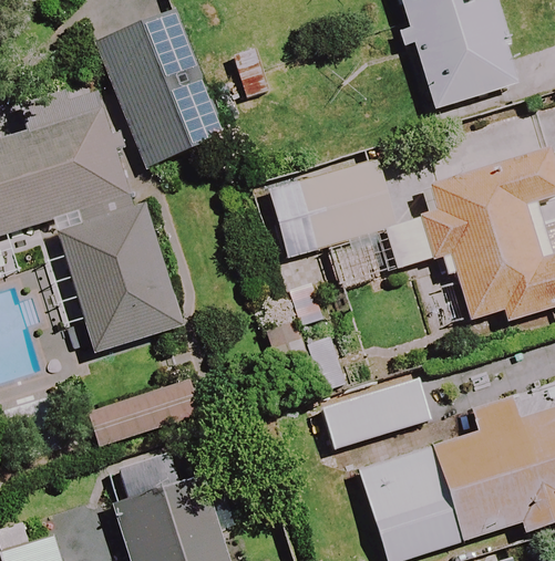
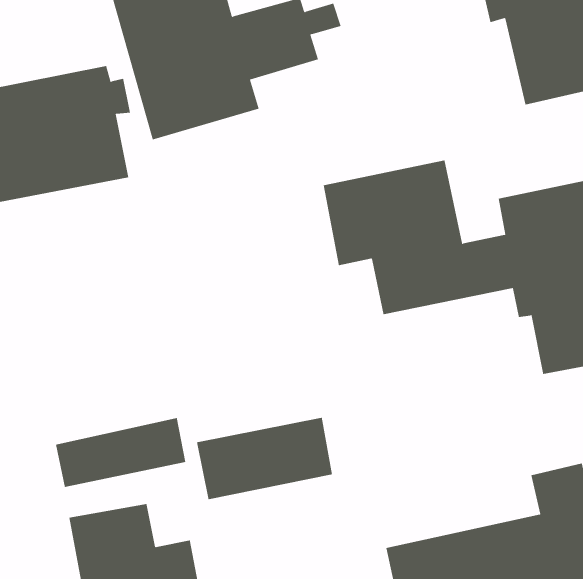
building: [59,207,183,351] -> none
building: [320,376,430,449] -> [196,417,333,500]

